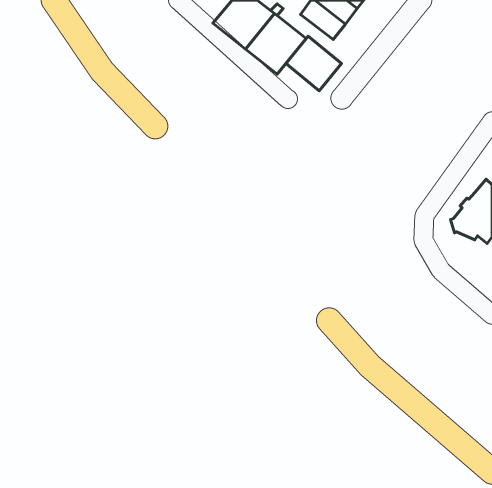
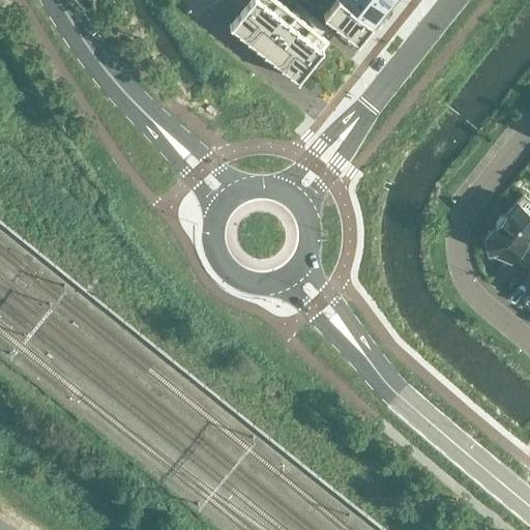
building: [286,36,341,91] -> none

